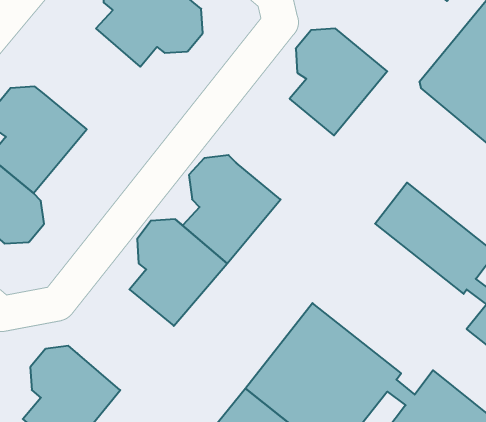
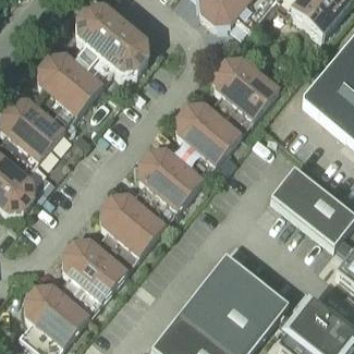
building: none -> [34,52,103,129]
building: none -> [172,101,242,179]
building: none -> [59,239,127,315]

